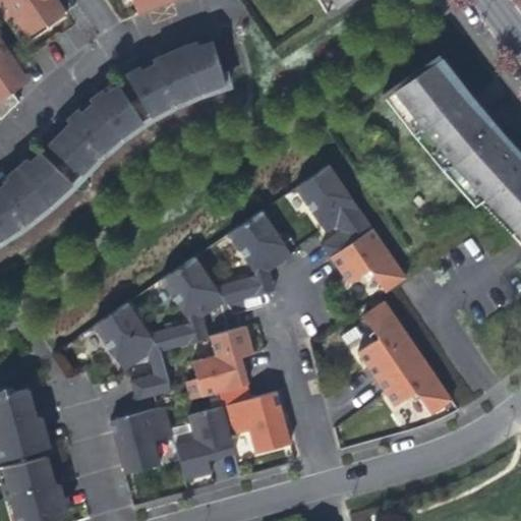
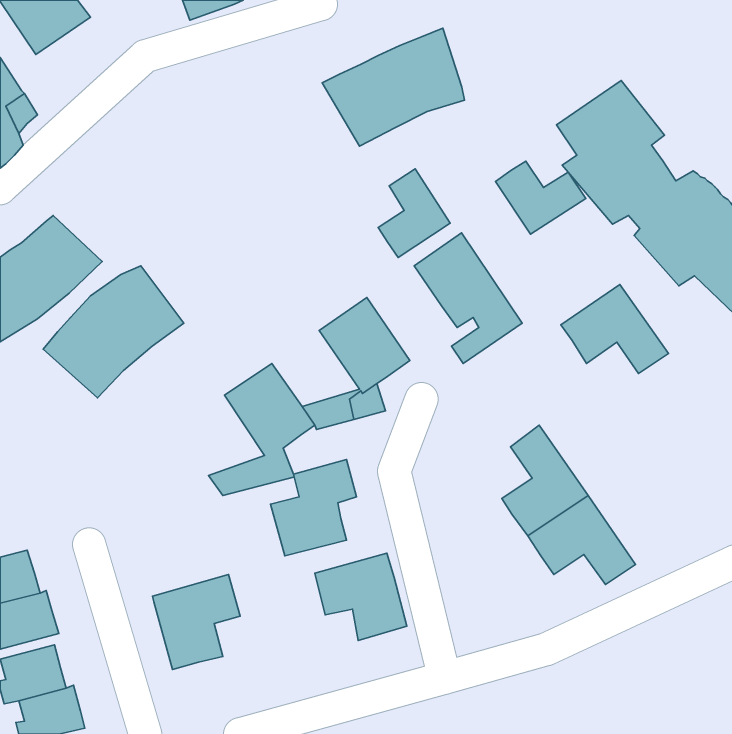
building: [125,36,226,119] -> [322,28,465,146]
building: [45,83,144,177] -> [43,266,184,398]
building: none -> [495,161,586,234]
building: none -> [378,169,450,258]
building: [330,229,406,292] -> [561,285,669,374]
building: [94,303,171,400] -> none
building: [175,406,236,480] -> none

